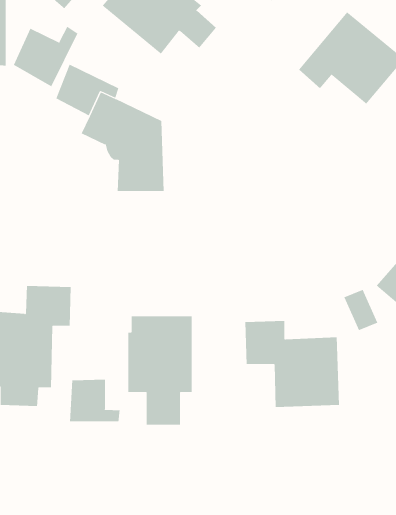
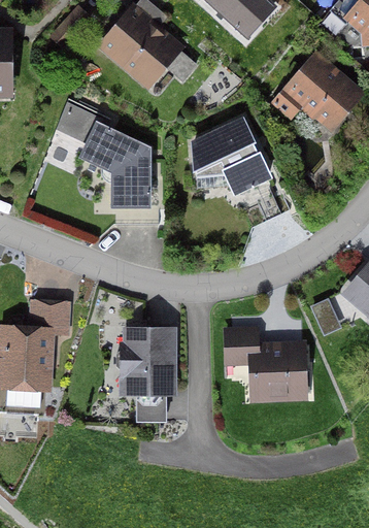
building: [13,26,78,87] -> none
building: none -> [192,119,273,198]
building: [69,379,120,422] -> none

